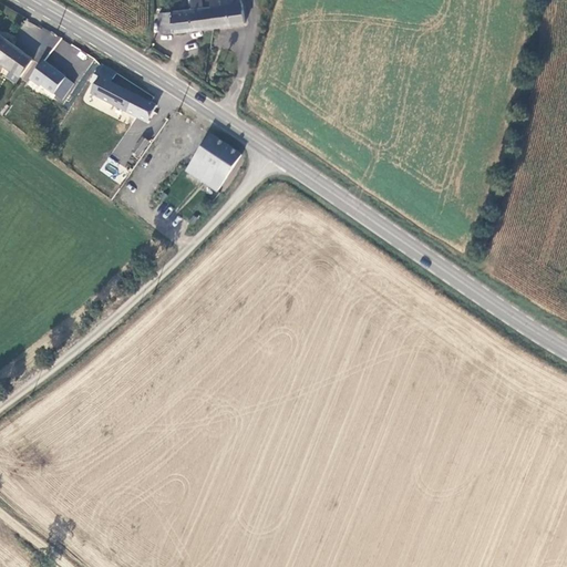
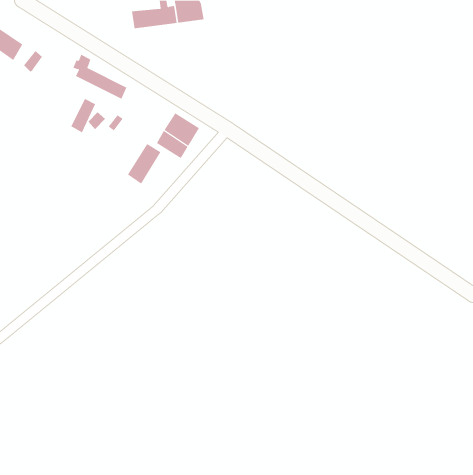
building: [40,68,71,97] -> none
building: none -> [70,98,96,133]
building: none -> [127,143,161,185]

